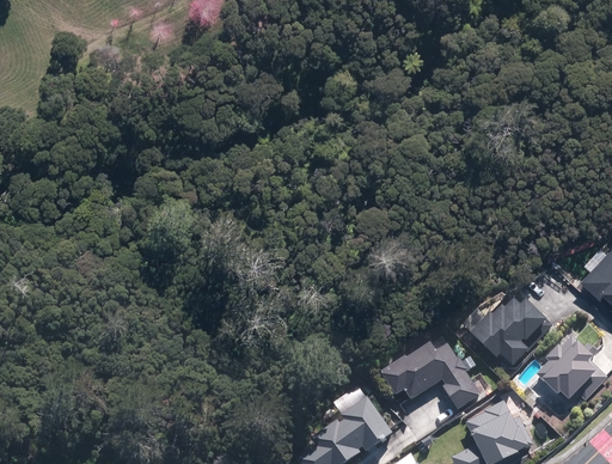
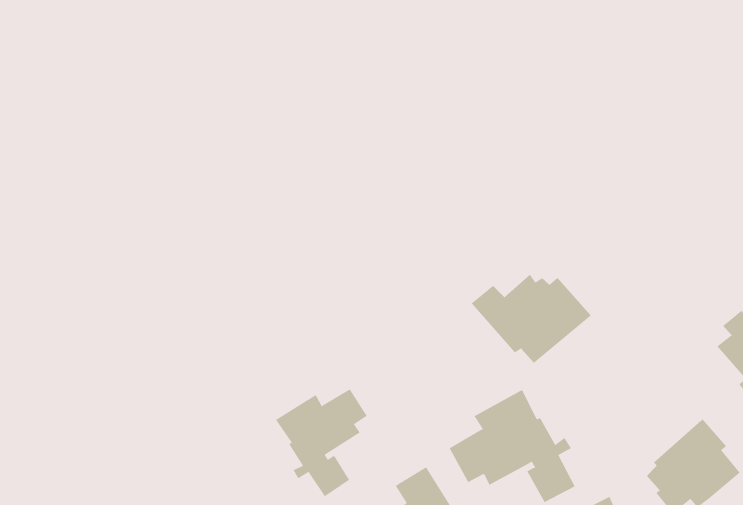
building: [460,297,556,367] -> [471,274,591,364]
building: none -> [275,388,367,497]

